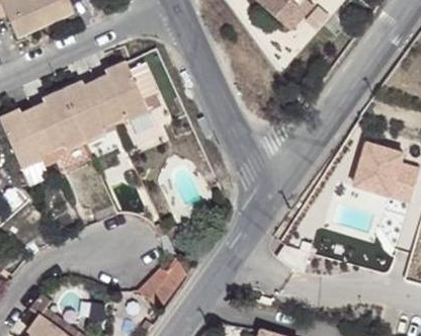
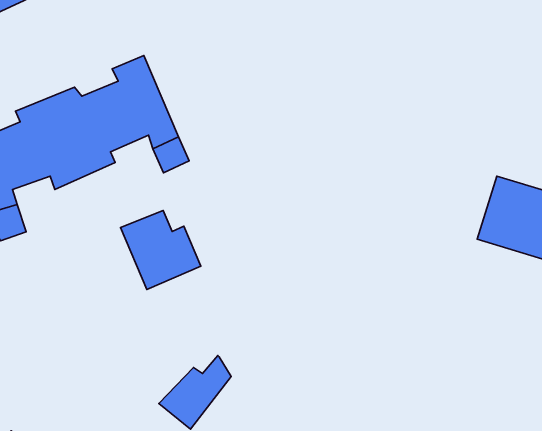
building: none -> [120,210,201,289]

